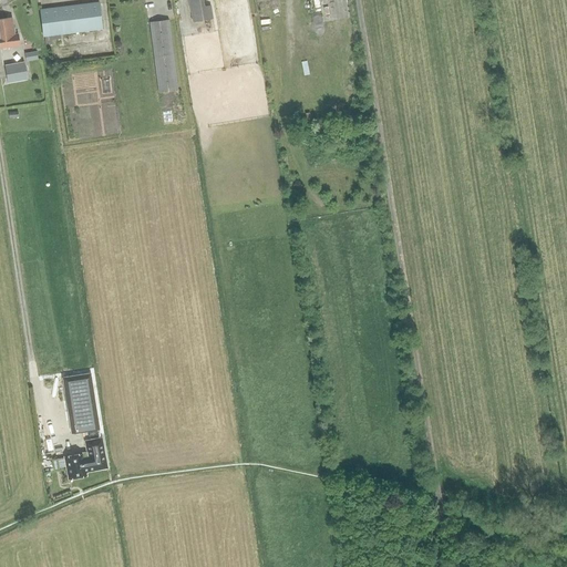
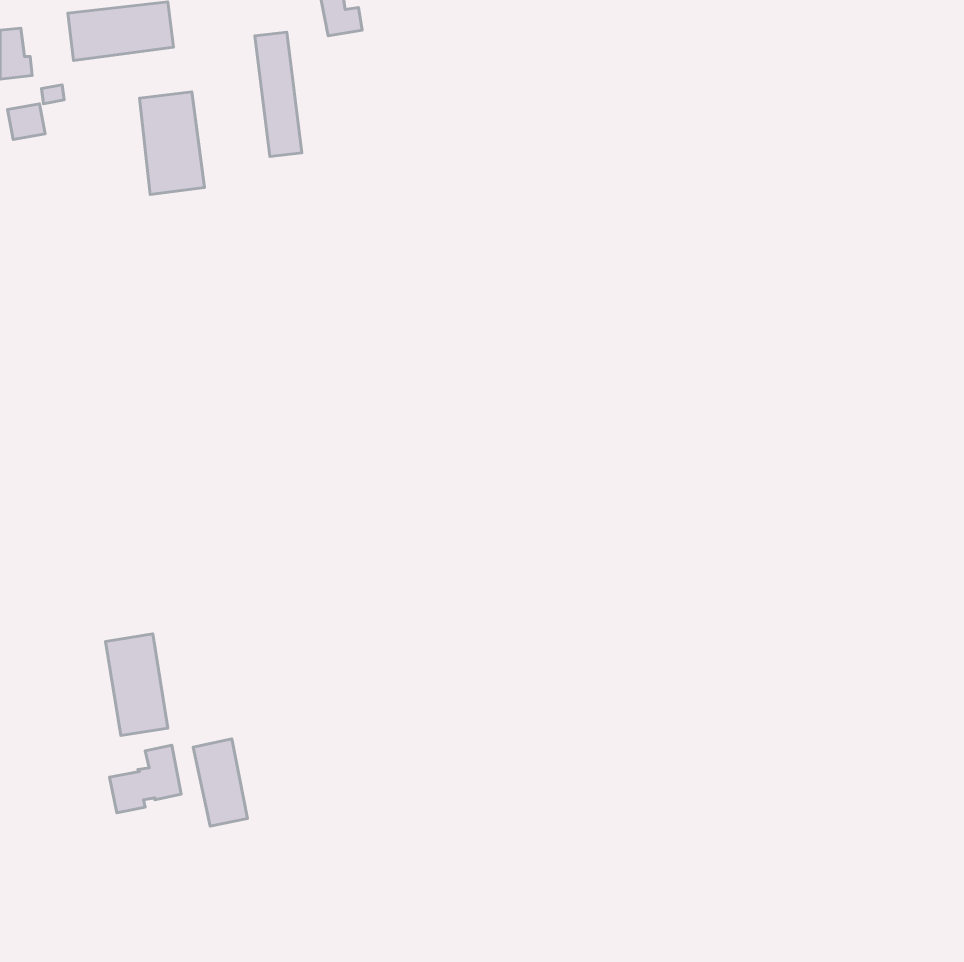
building: none -> [140,92,205,194]
building: none -> [193,739,247,826]

